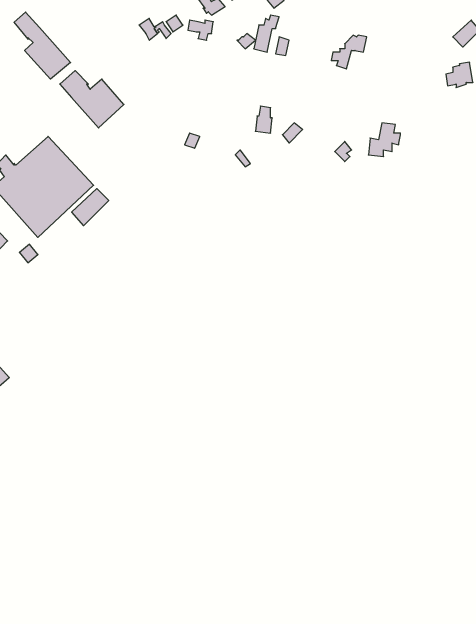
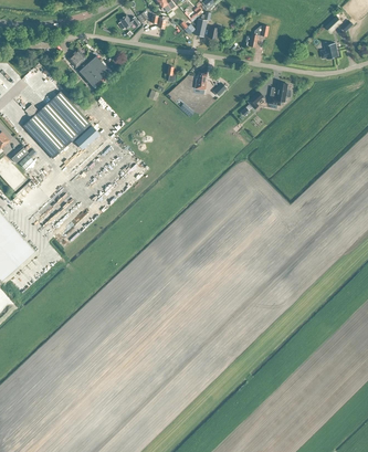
building: [14,12,71,79] -> none

